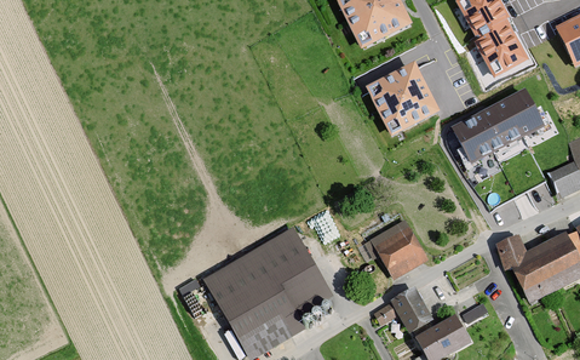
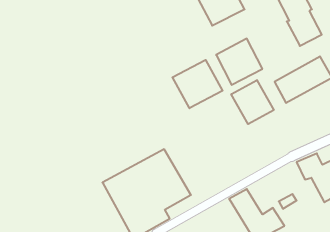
building: none -> [172,60,223,108]
building: none -> [231,80,274,124]
building: [369,223,427,281] -> none

